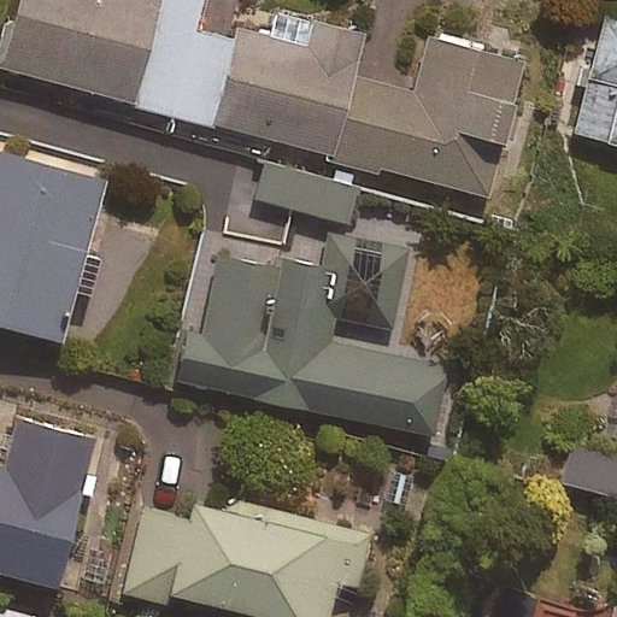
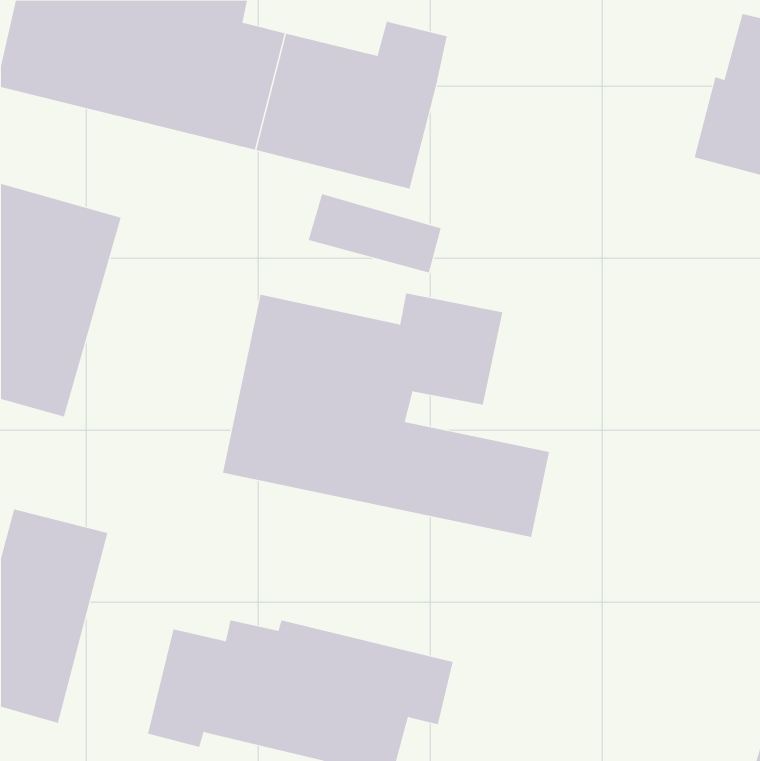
building: [335,39,522,194] -> none

